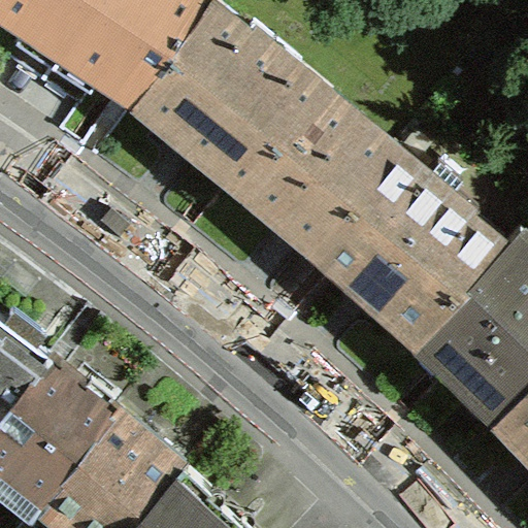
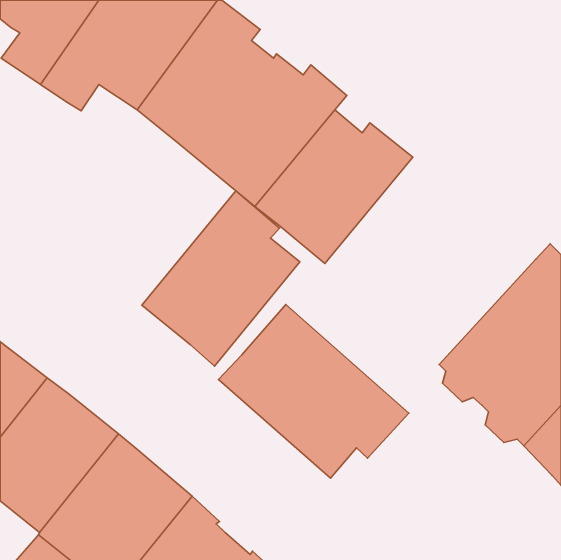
building: [305,144,503,343] -> none
building: none -> [142,191,300,366]
building: none -> [218,304,409,478]

